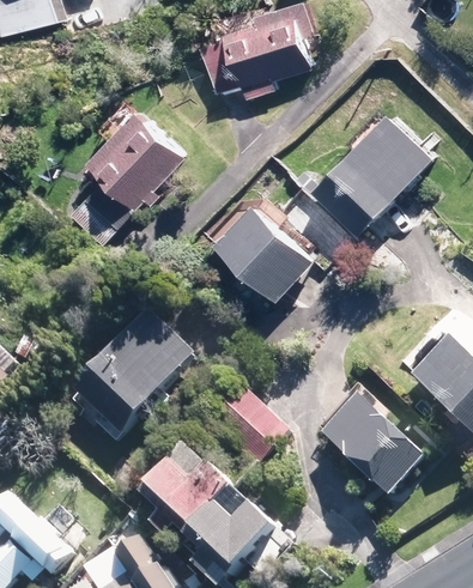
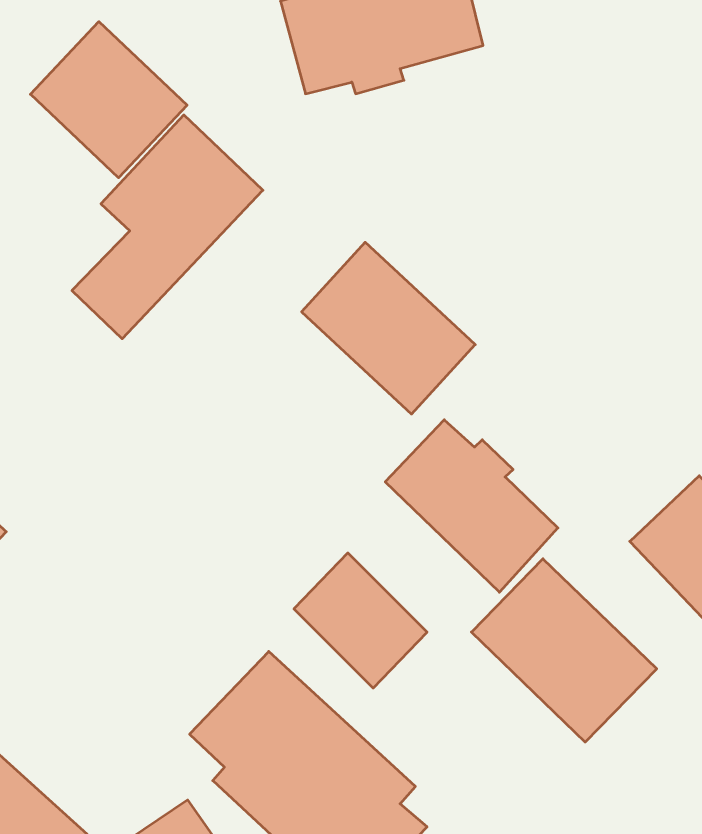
building: none -> [30,22,187,178]
building: [314,105,441,234] -> none
building: none -> [385,420,558,592]
building: [73,308,202,437] -> none

